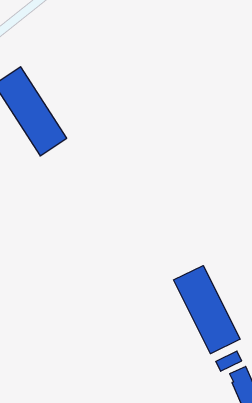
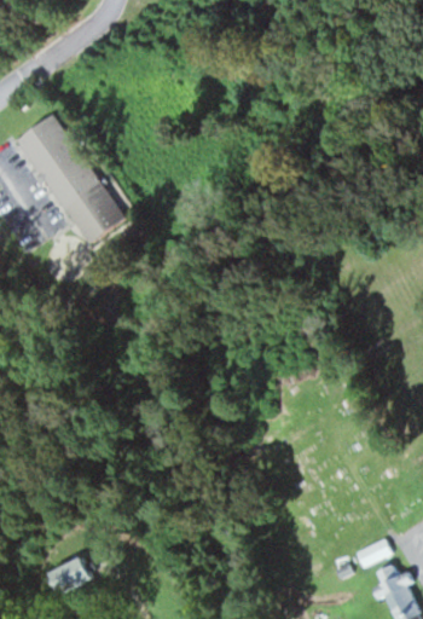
building: [174,266,240,354] -> none
building: none -> [46,559,94,592]

